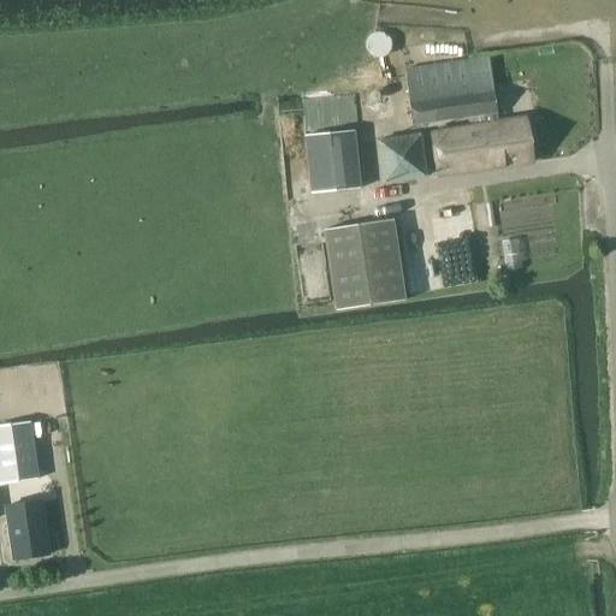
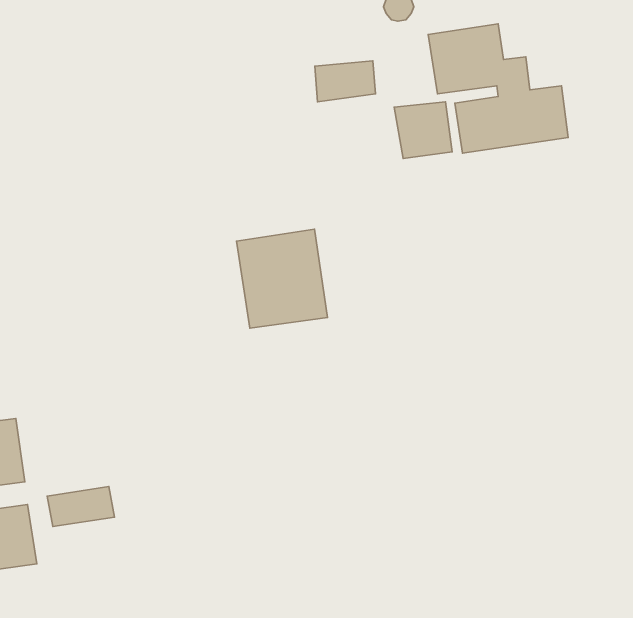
building: [304,129,363,192] -> none
building: [322,217,405,307] -> [237,229,328,328]
building: none -> [47,487,114,527]

